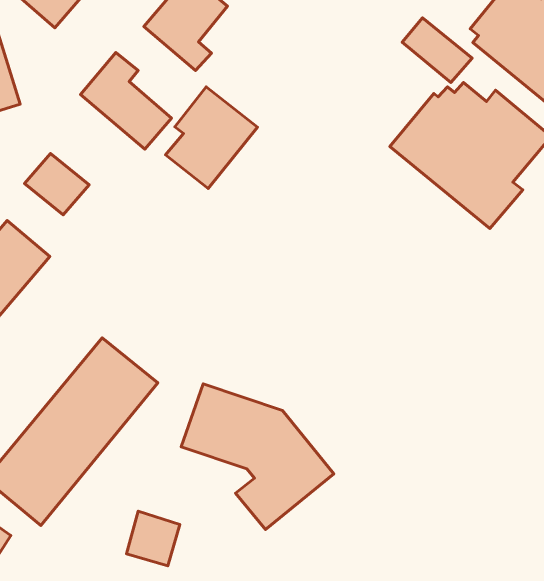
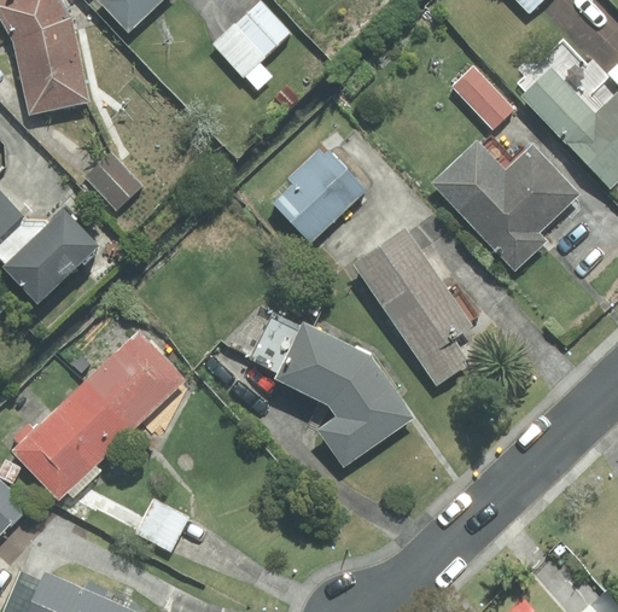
building: [80,53,171,149] -> none
building: [165,87,257,188] -> [275,147,365,243]
building: none -> [351,227,478,386]
building: [181,384,334,530] -> [270,322,410,466]

